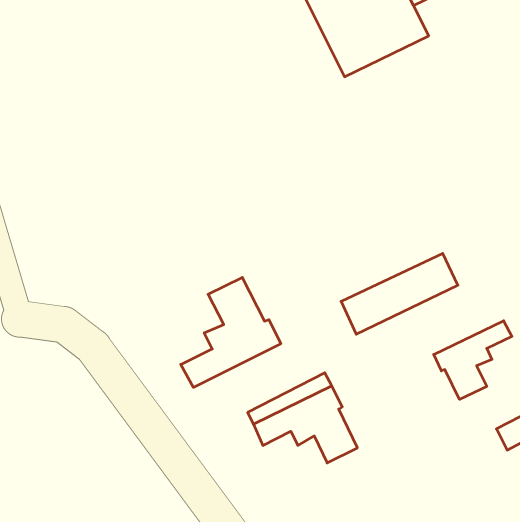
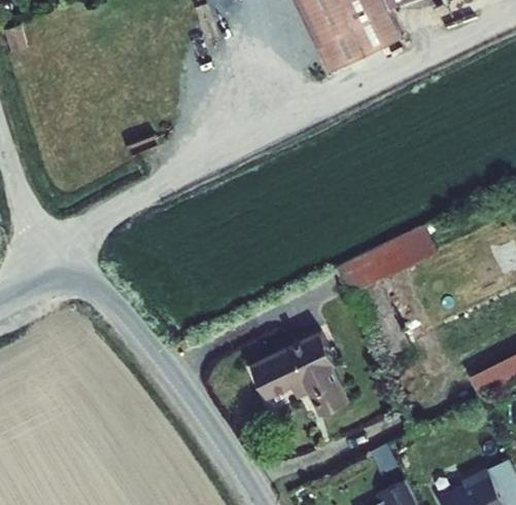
building: [181,277,281,387] -> none
building: [434,321,512,399] -> none

